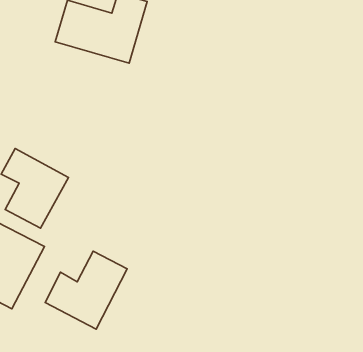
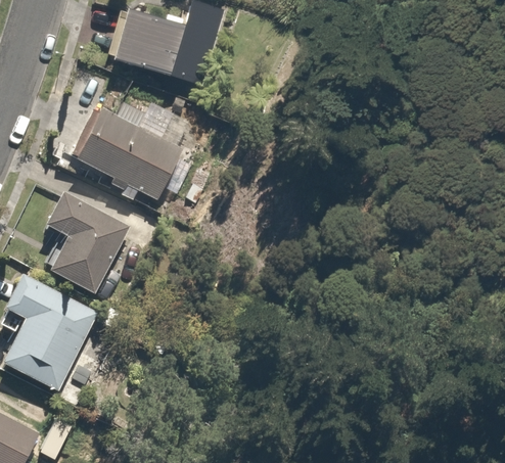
building: none -> [72,105,184,200]
building: [45,251,127,329] -> none

